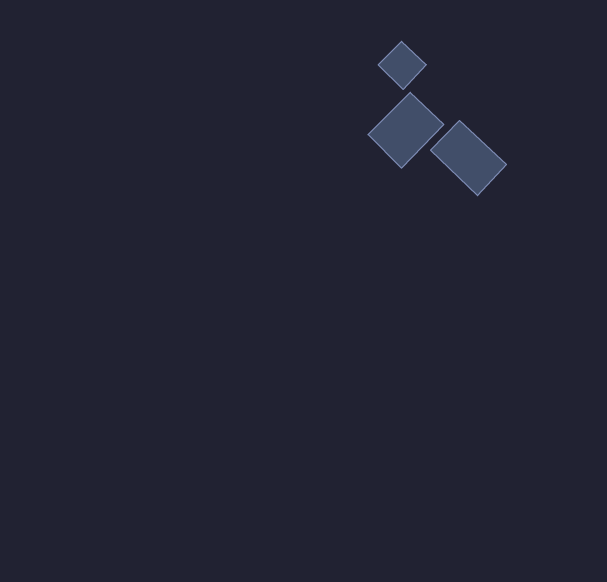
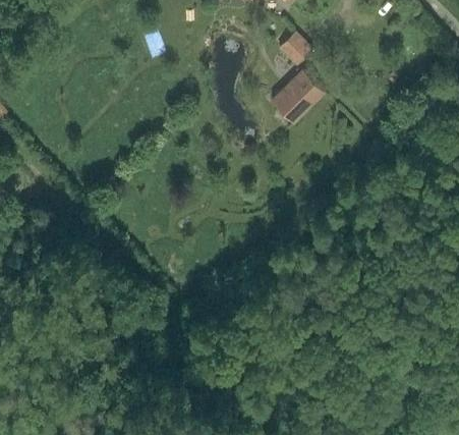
building: [431,121,506,196] -> none

